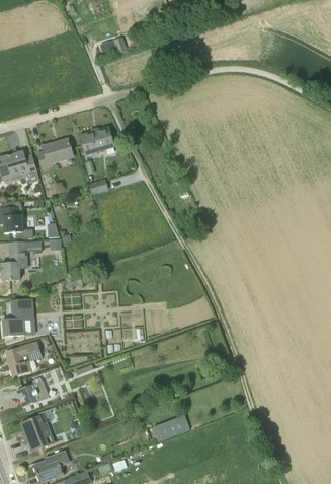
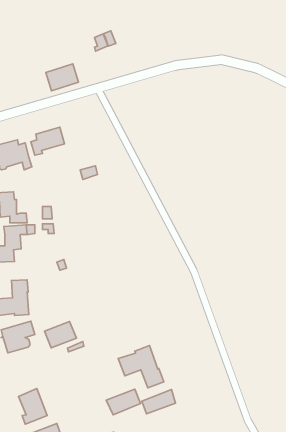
building: [79,126,113,154] -> [46,64,79,91]
building: none -> [118,346,164,388]
building: [15,379,49,407] -> [45,322,76,348]
building: none -> [106,389,140,415]

